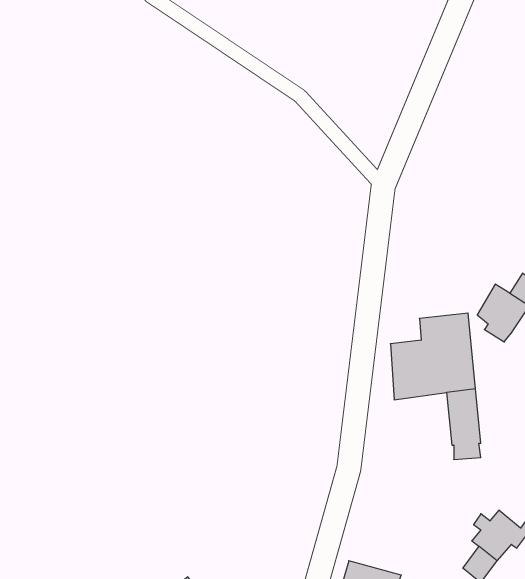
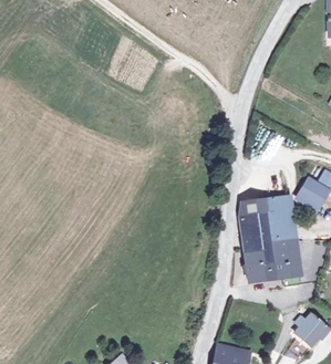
building: none -> [246,242,281,279]

